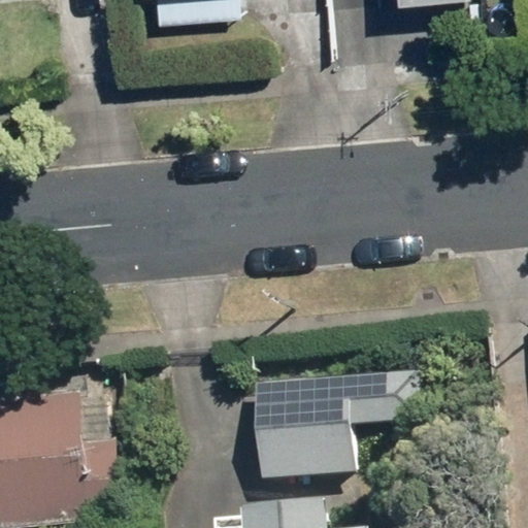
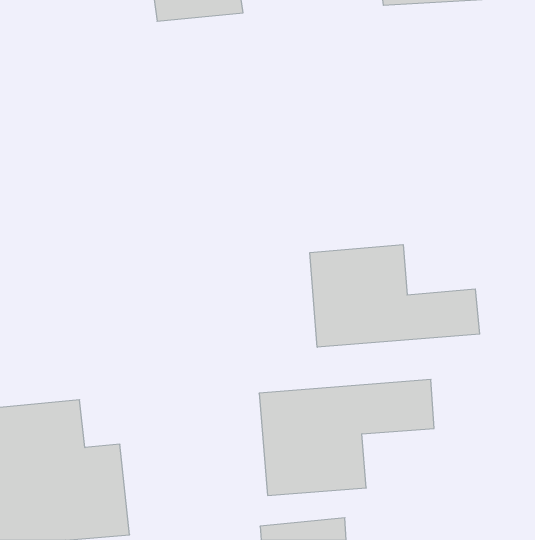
building: none -> [310,245,480,347]

